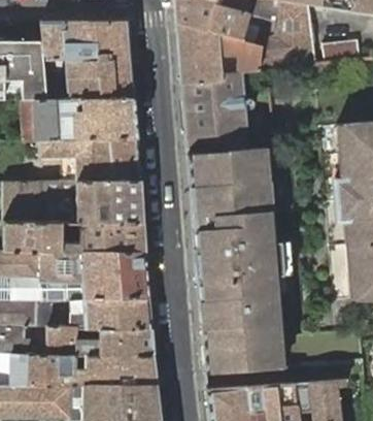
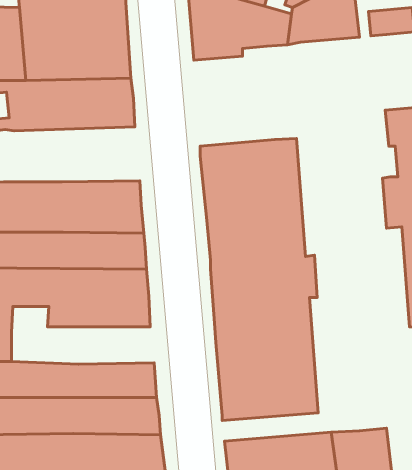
building: [183,72,248,153] -> none
building: [32,137,140,182] -> none
building: [37,298,151,328] -> none

